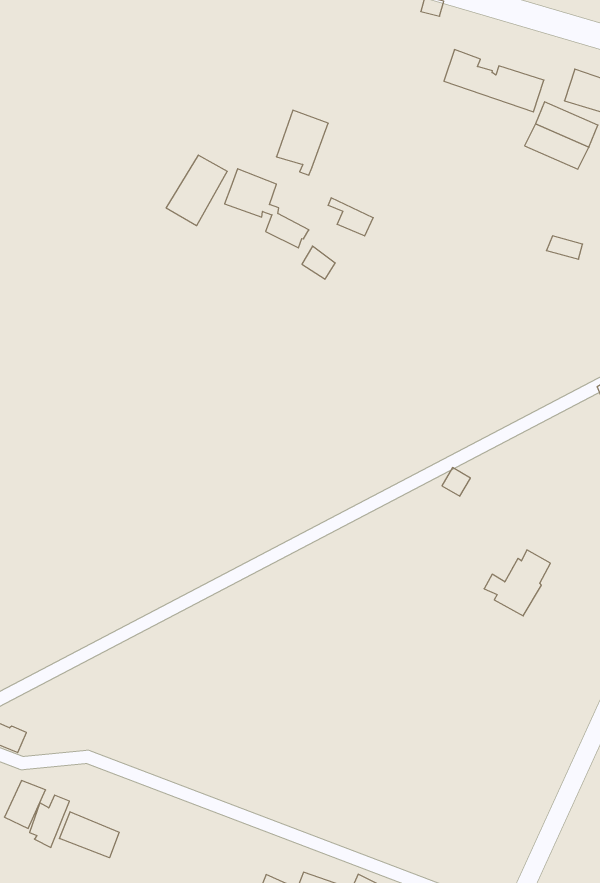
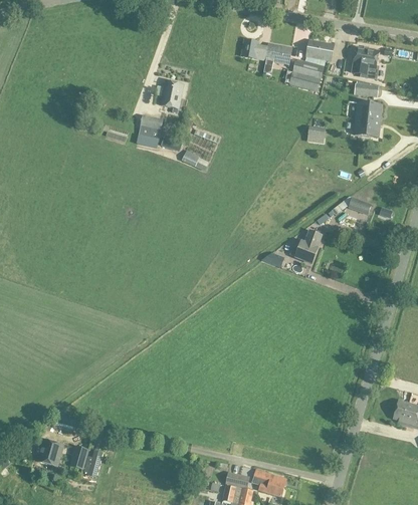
building: [166,155,227,226] -> none
building: [484,550,550,616] -> [288,230,321,264]
building: [59,812,119,858] -> none

